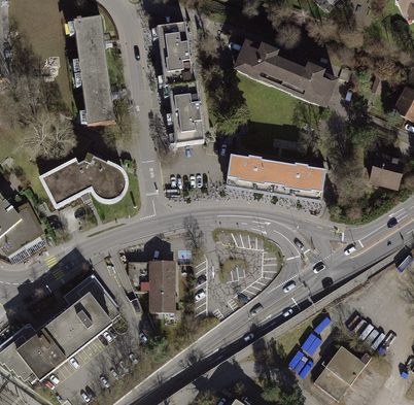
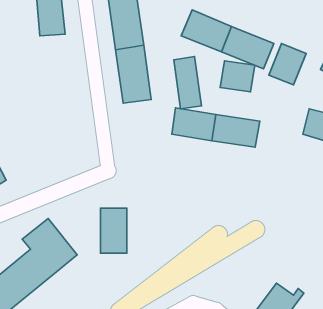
building: [80,69,112,121] -> none
building: none -> [269,44,306,85]
building: none -> [174,57,201,109]
building: none -> [220,61,255,92]
building: [41,159,125,210] -> none

